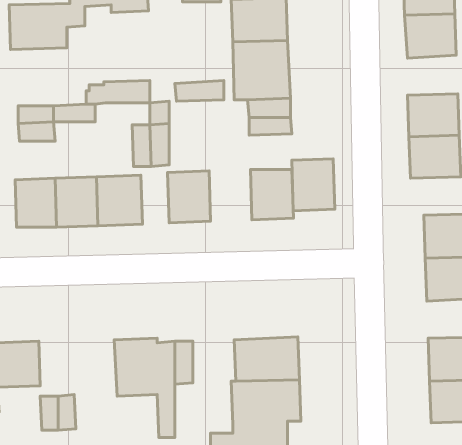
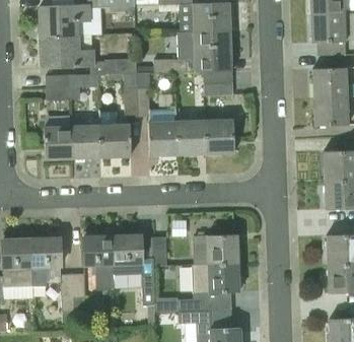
building: none -> [41,36,94,67]
building: [292,159,335,211] -> [176,119,206,154]
building: none -> [83,235,114,277]

